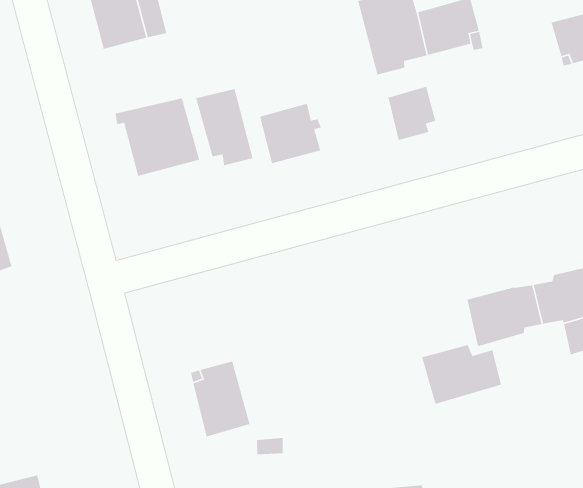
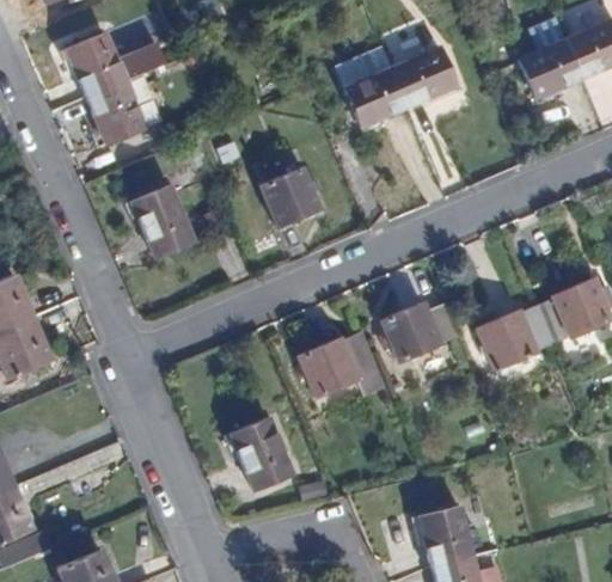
building: [388,86,436,141] -> none
building: [195,88,254,166] -> none
building: none -> [298,332,382,397]
building: [421,344,502,405] -> [380,301,459,362]

